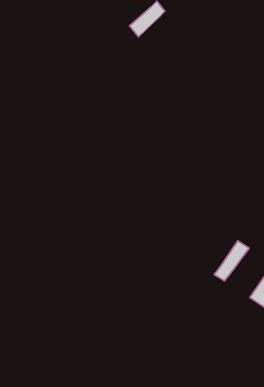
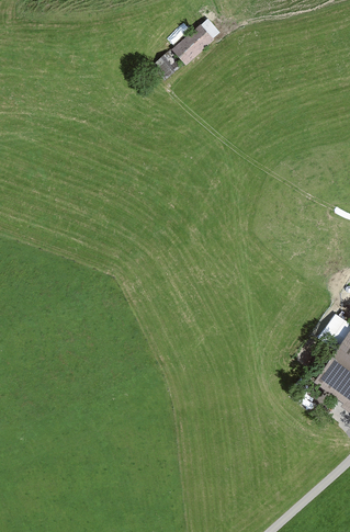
building: [214,241,249,281] -> none

